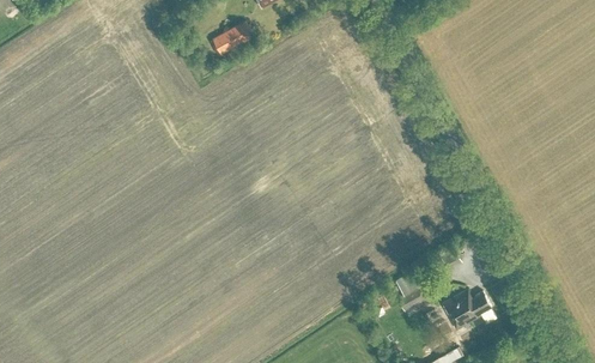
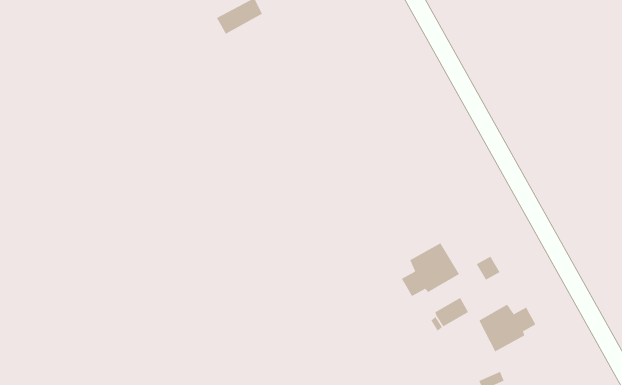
building: none -> [401,243,460,297]

